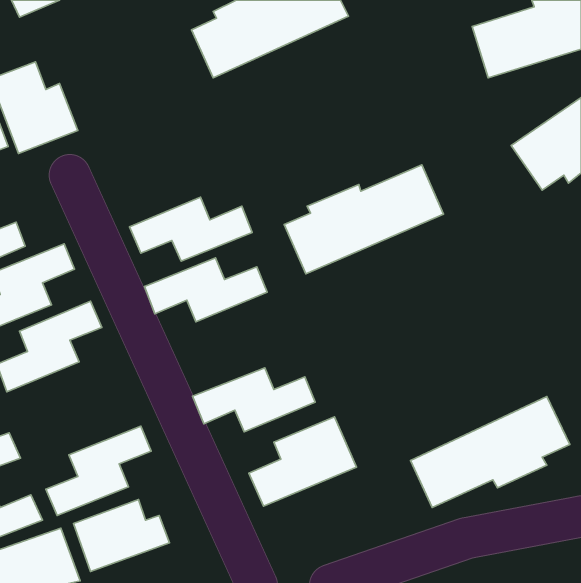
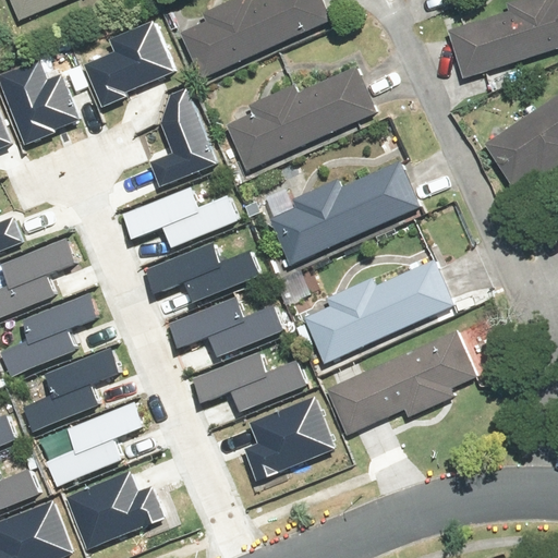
building: none -> [75,23,181,112]
building: none -> [227,63,378,170]
building: none -> [150,86,215,183]
building: none -> [307,257,457,362]
building: none -> [160,299,277,360]
building: none -> [21,347,121,432]
building: [410,396,570,507] -> [327,328,478,434]

